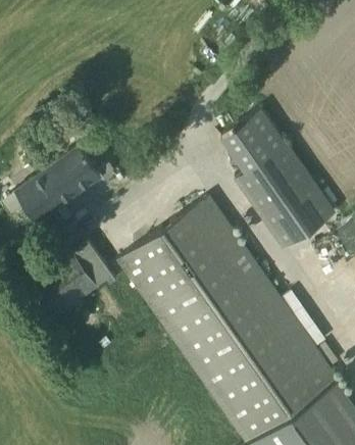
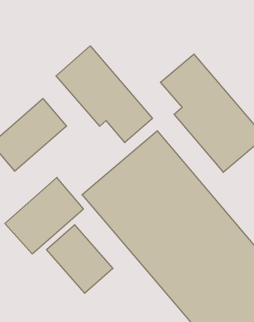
building: none -> [56,46,152,143]
building: none -> [47,225,113,293]

